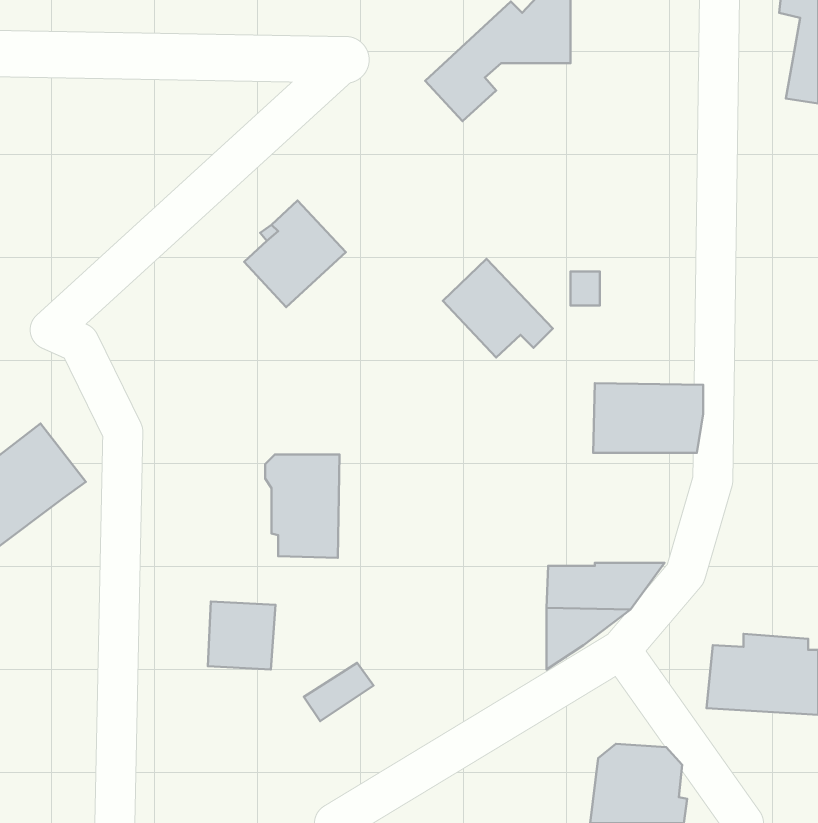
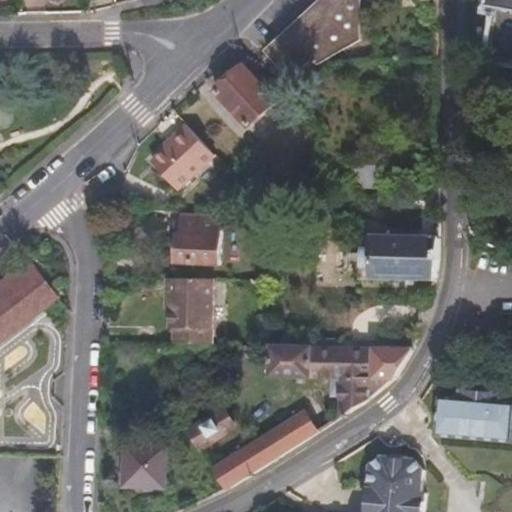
building: [443,259,553,357] -> [212,66,280,127]
building: none -> [174,213,221,266]
building: none -> [269,346,339,376]
building: [208,602,276,670] -> [120,447,162,489]
building: none -> [211,411,312,487]

